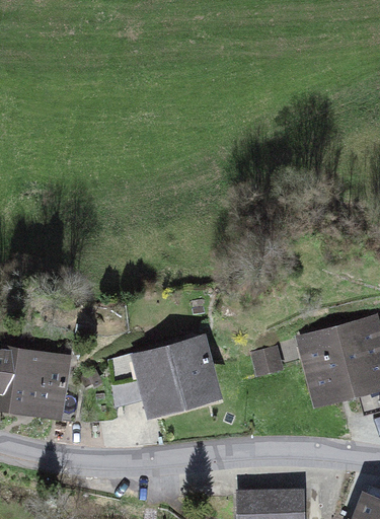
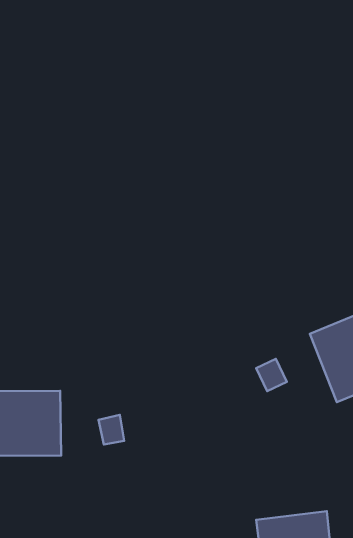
building: [140,339,219,412] -> none

